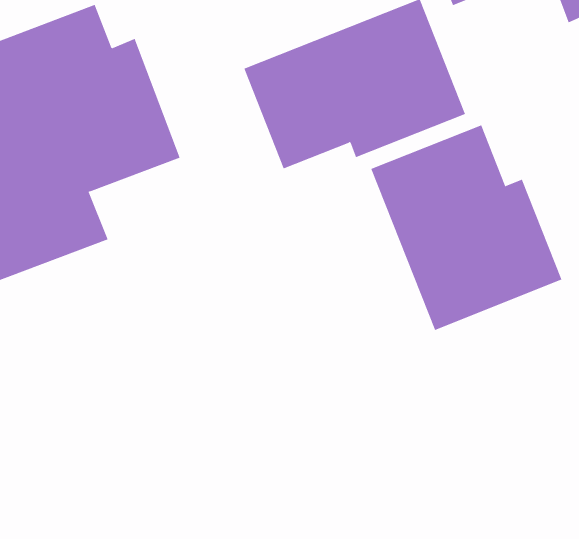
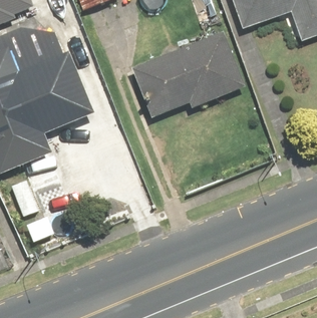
building: [371,124,562,331] -> none

